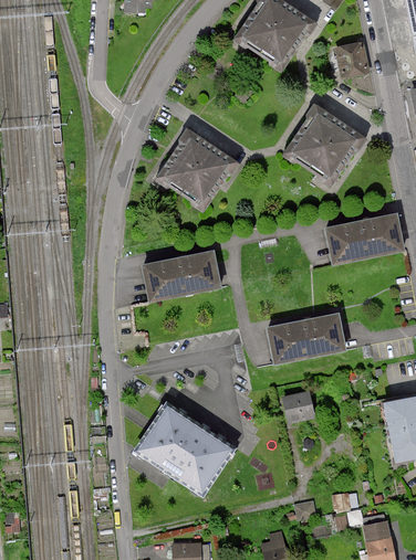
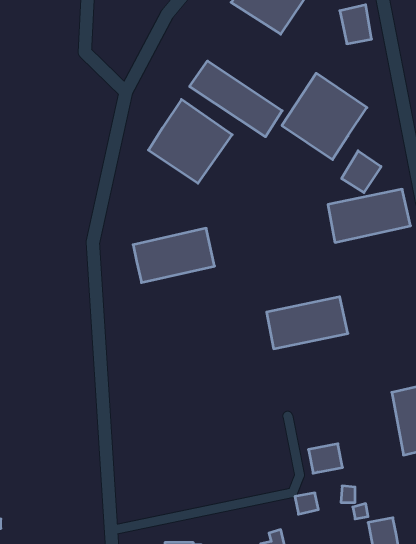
building: none -> [190,61,282,137]
building: none -> [342,151,381,193]
building: [282,393,314,421] -> [308,444,343,473]
building: [138,406,232,494] -> none

